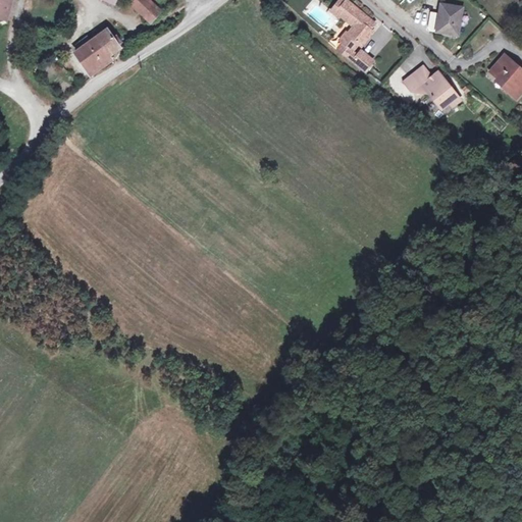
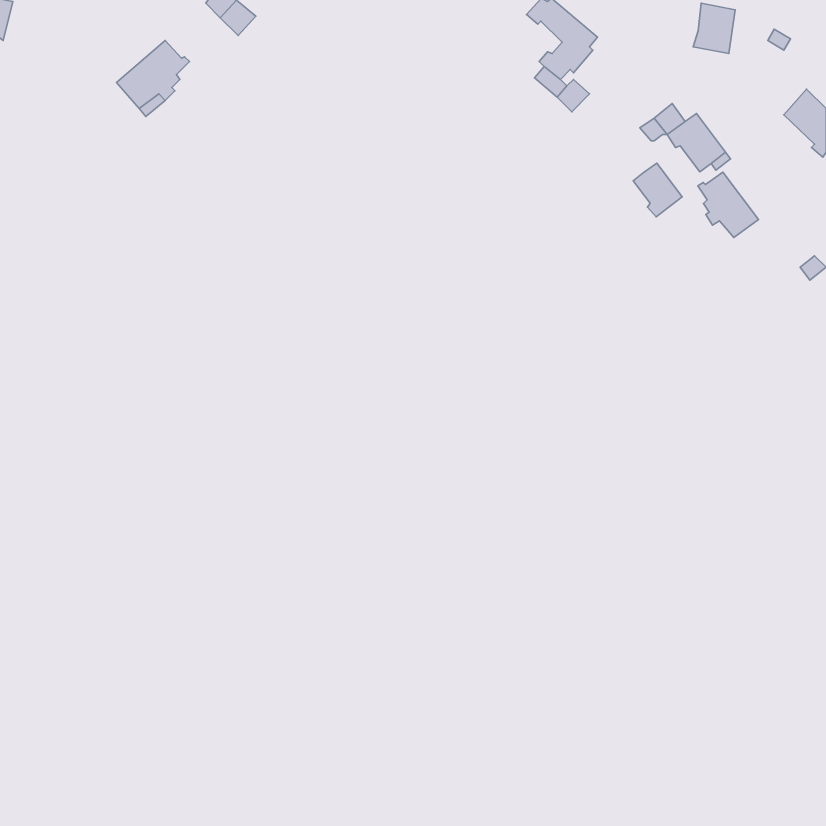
building: none -> [633,163,682,217]
building: none -> [698,172,758,238]

